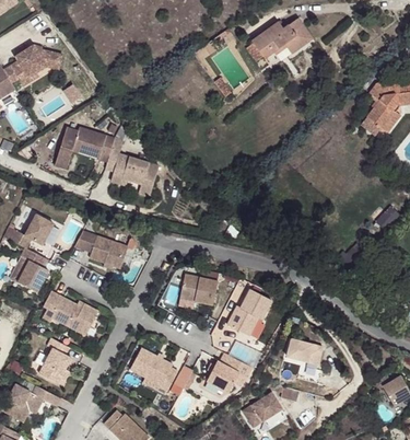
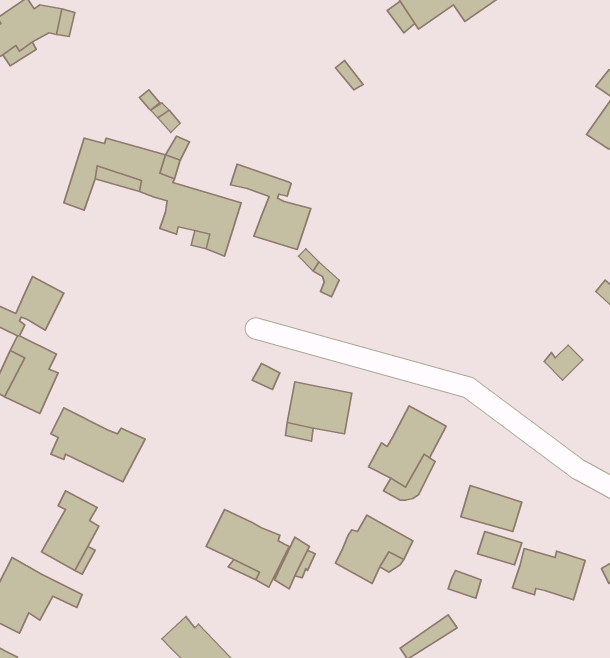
building: none -> [231,164,311,250]
building: [77,227,130,265] -> none
building: none -> [512,548,585,600]
building: [242,389,281,422] -> none

